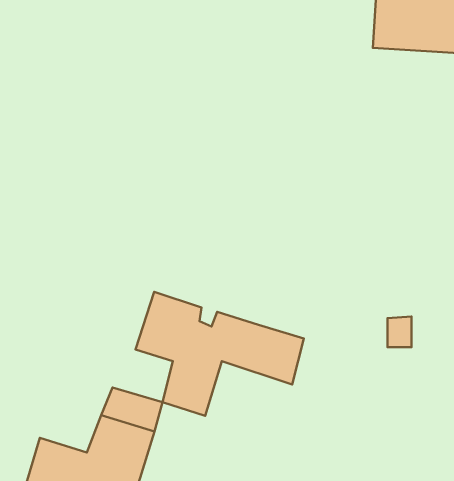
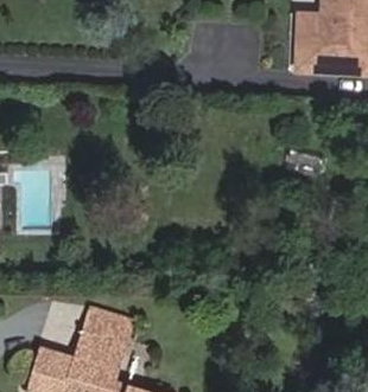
building: [135,292,304,416] -> none

